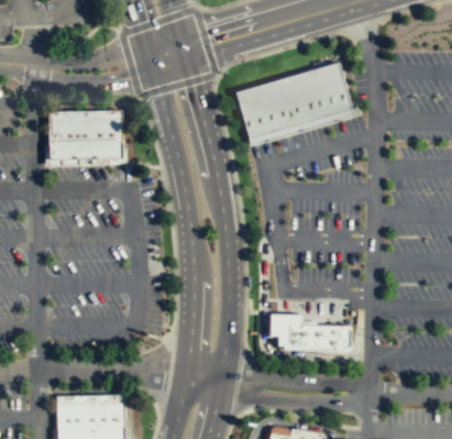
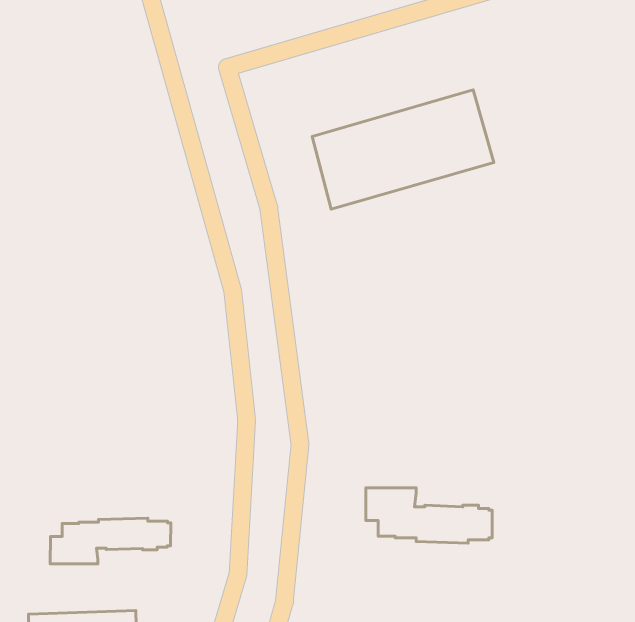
building: [47,110,123,161] -> none
building: none -> [50,518,171,564]

